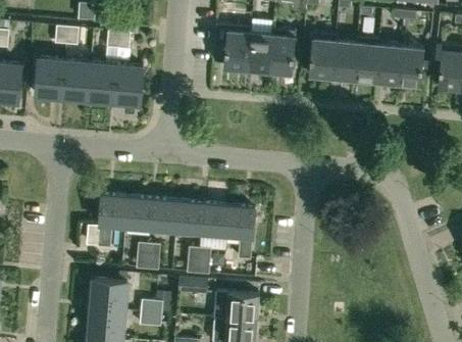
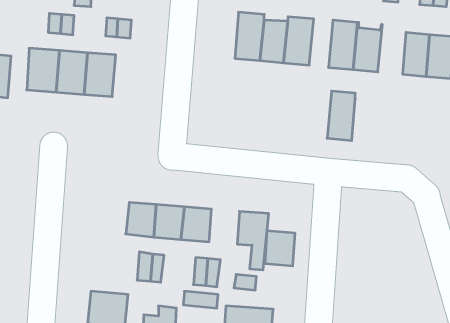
building: [354,37,379,82] -> [327,91,355,141]
building: [113,64,143,104] -> none
building: [86,196,129,248] -> none
building: [201,204,228,236] -> [265,231,295,266]

